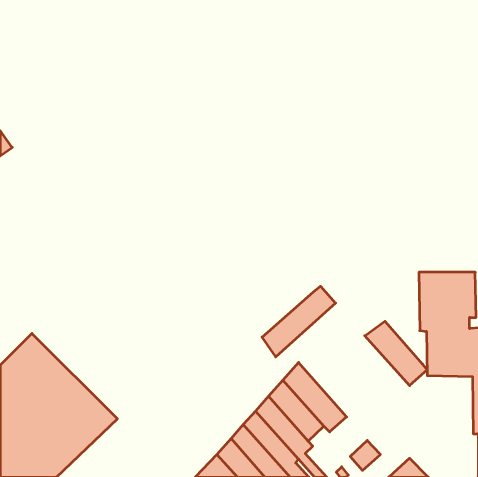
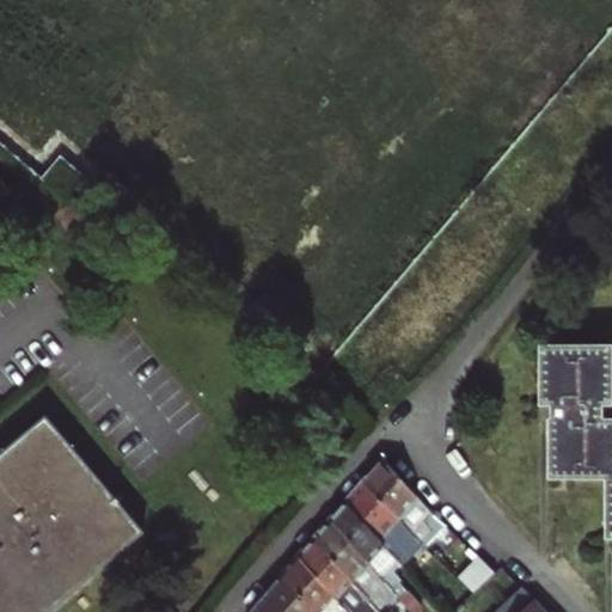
building: [262,286,336,357] -> none
building: [365,321,427,386] -> none

